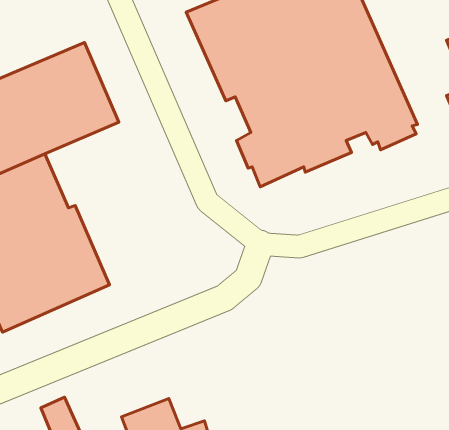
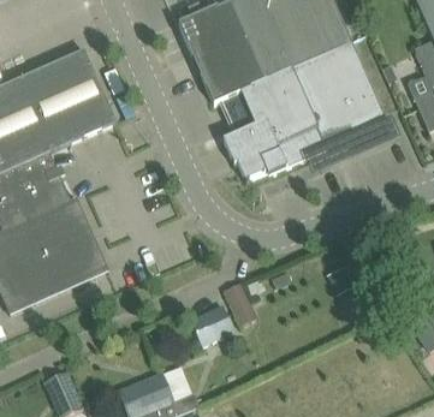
building: none -> [224,281,257,324]
building: none -> [191,305,234,346]

